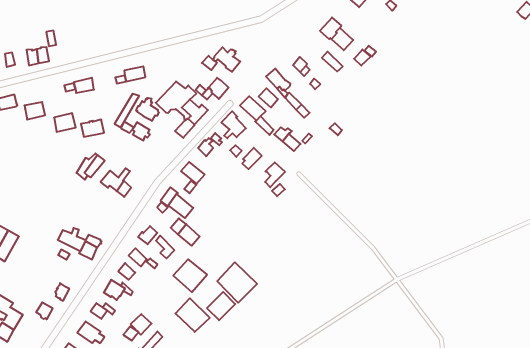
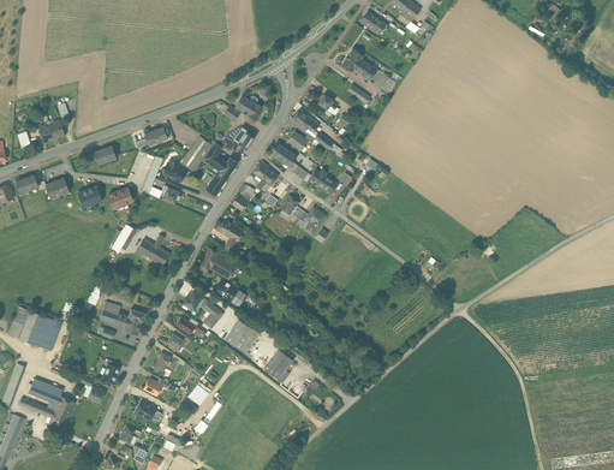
building: [217,262,257,303] -> none
building: [175,298,210,332] -> none

